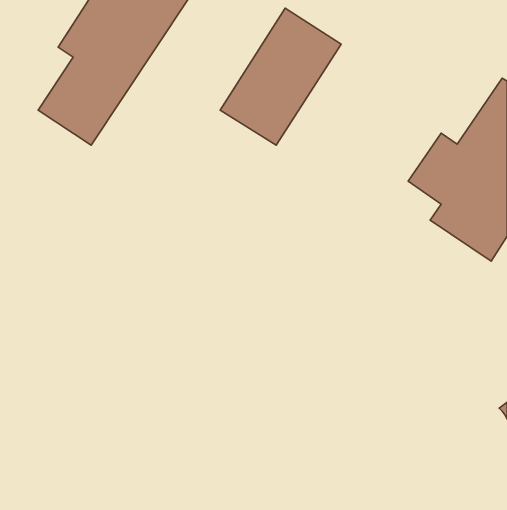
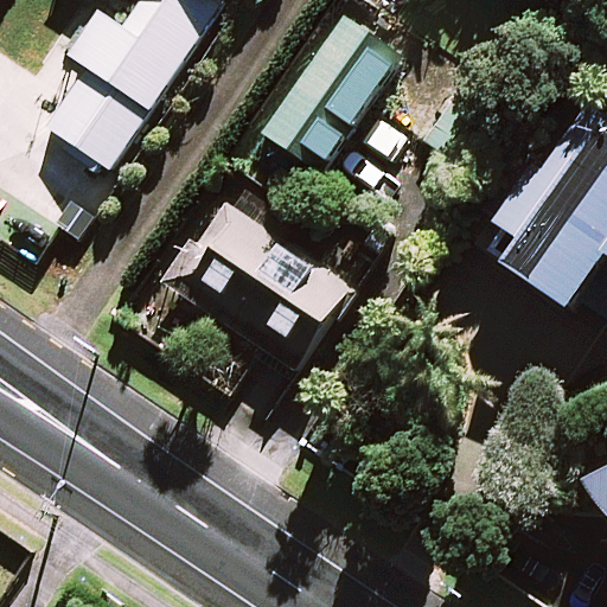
building: none -> [164,197,357,378]

